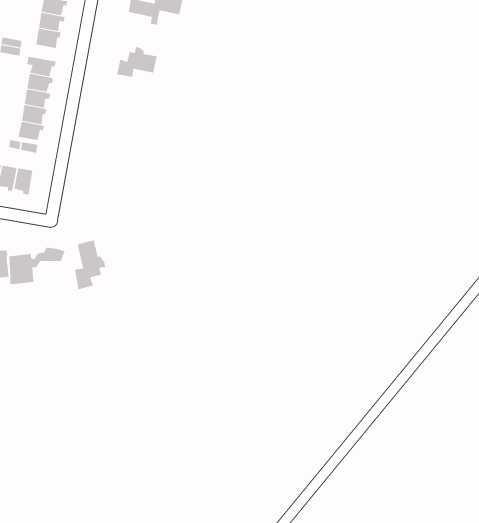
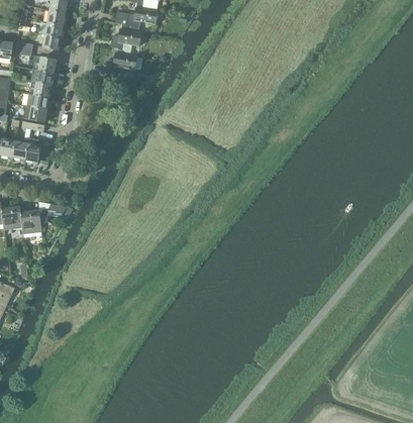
building: none -> [110,23,141,48]
building: [74,240,106,290] -> none

